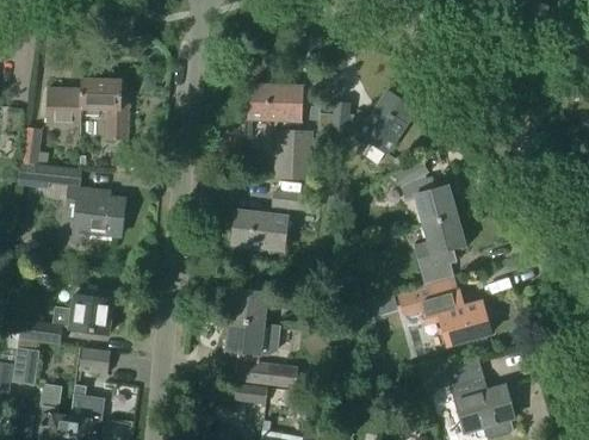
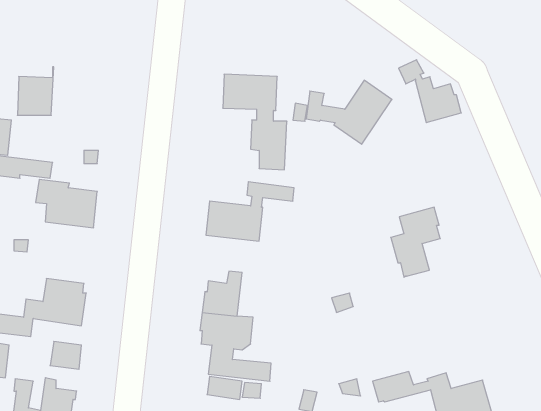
building: [80,76,129,138] -> none
building: [396,162,458,224] -> [399,60,461,123]
building: [398,283,491,345] -> none

